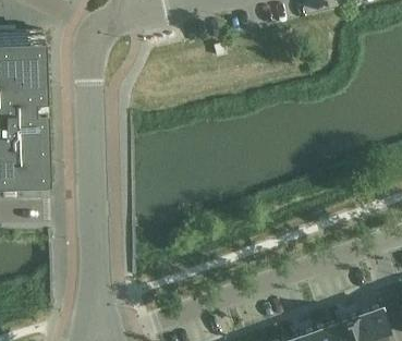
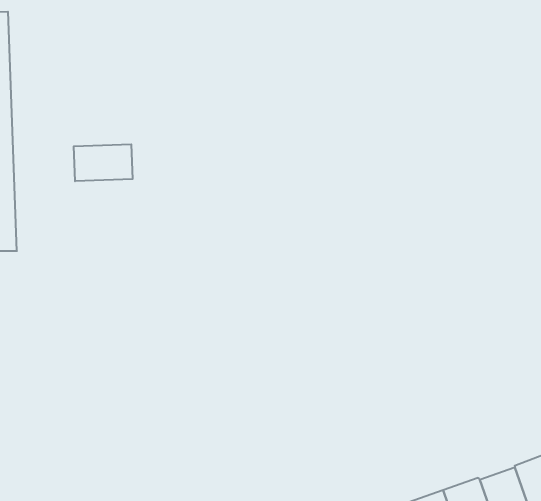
building: none -> [74,144,133,181]

